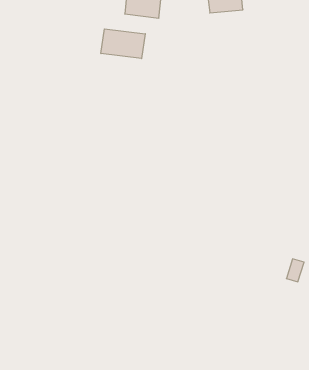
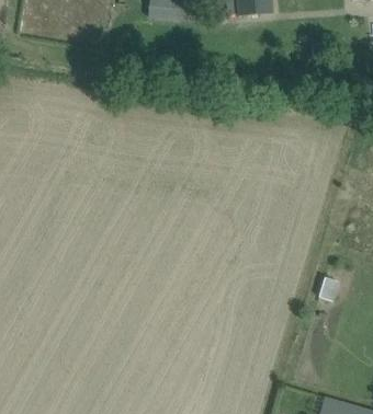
building: [101,29,145,59] -> none

